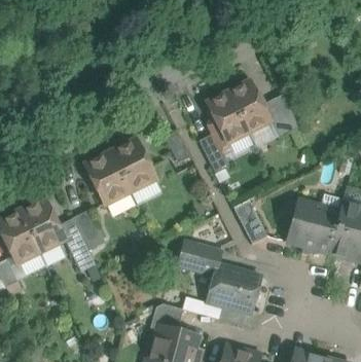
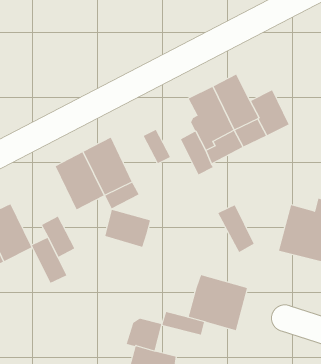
building: [178,240,220,275] -> [104,209,151,247]

